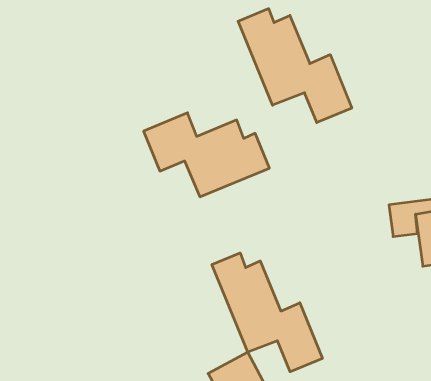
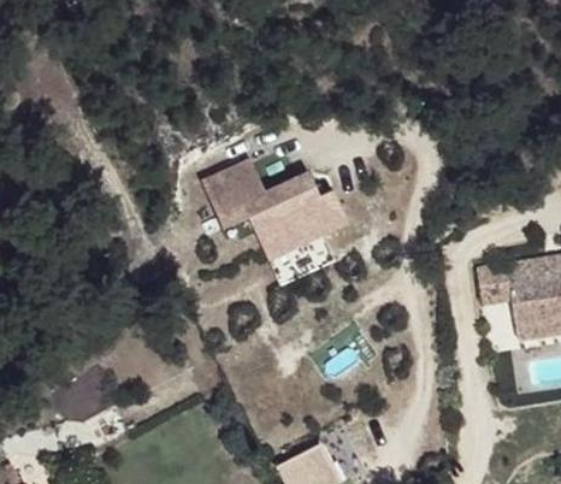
building: [238,9,352,123] -> none
building: [212,253,322,372] -> none

